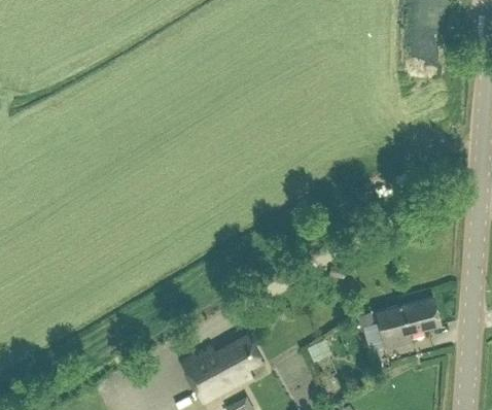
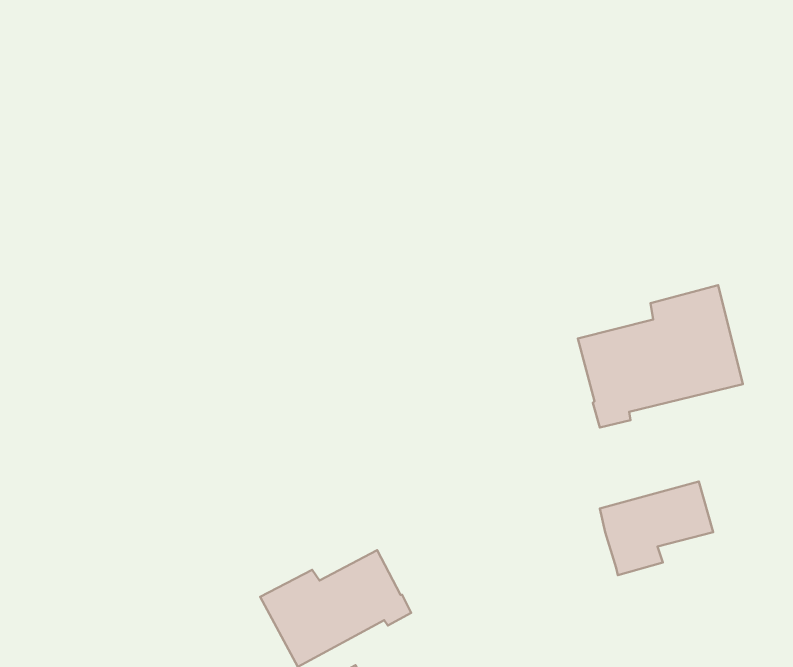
building: none -> [578,285,743,428]

